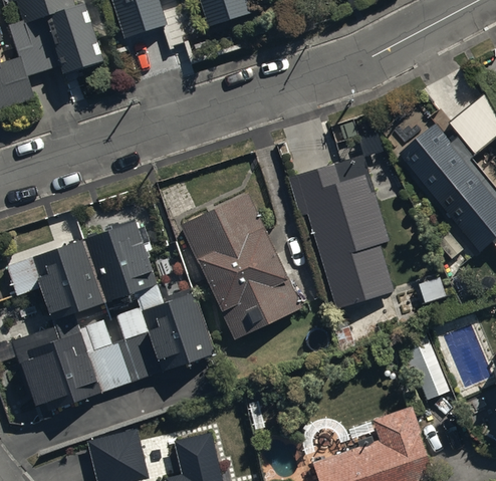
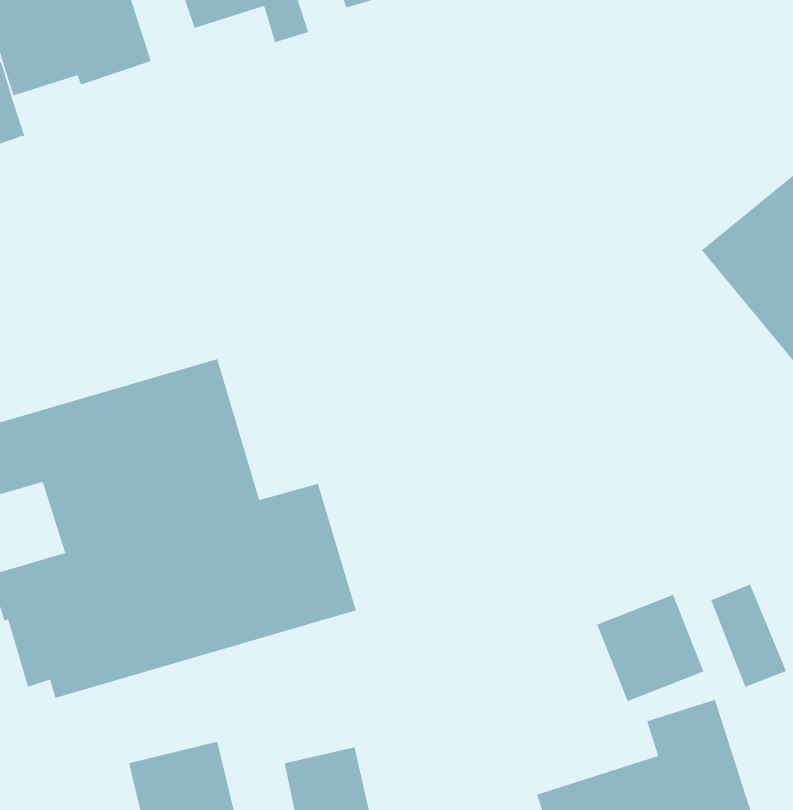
building: [287,153,395,305] -> none
building: [179,192,301,338] -> none
building: none -> [596,594,704,702]

